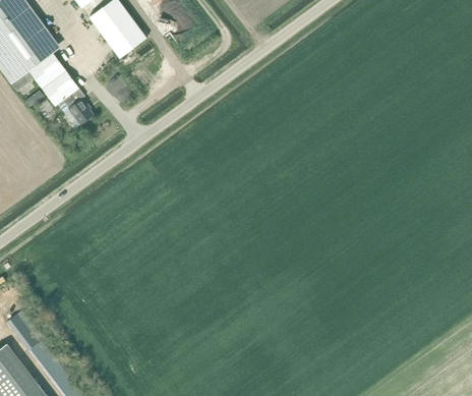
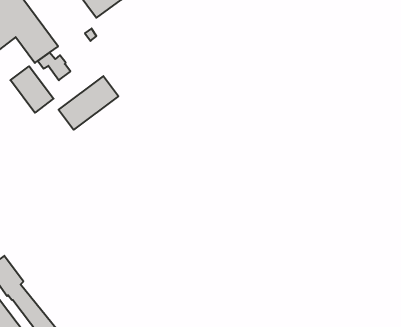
building: none -> [10,66,54,113]
building: none -> [59,76,118,130]

